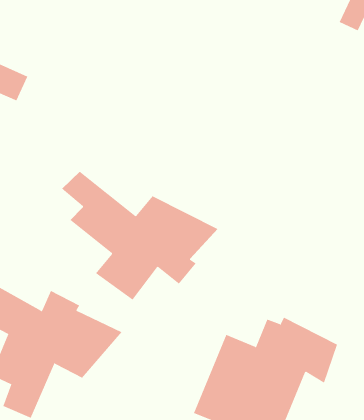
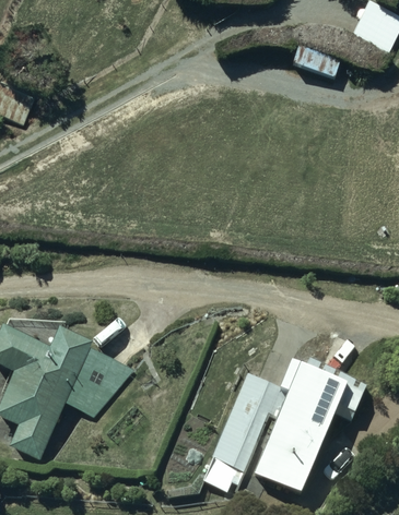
building: [61,171,218,301] -> none

